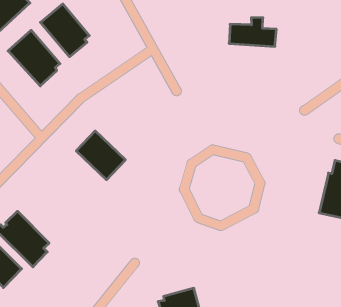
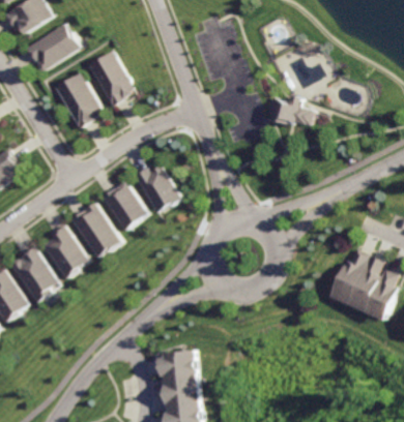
building: none -> [133,165,179,213]
building: none -> [71,204,122,259]
building: none -> [45,227,89,276]

